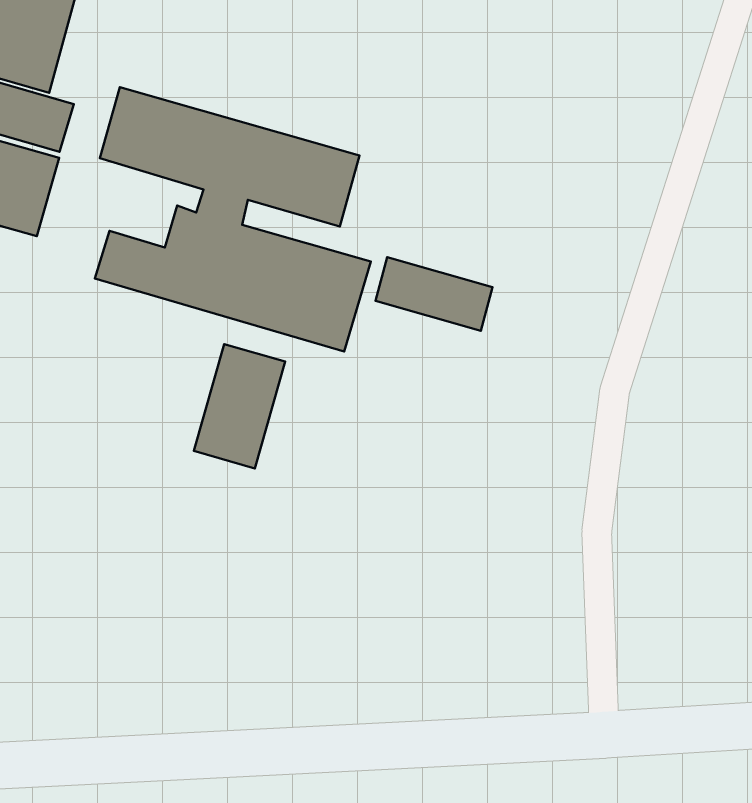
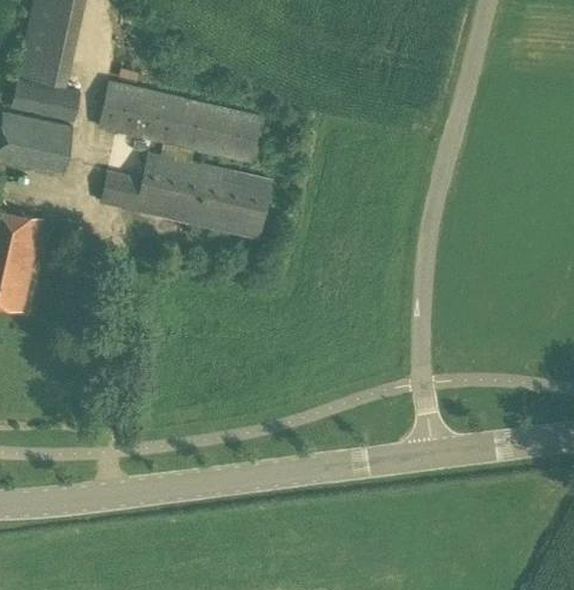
building: [376,257,493,331] -> none
building: [194,344,285,468] -> none

